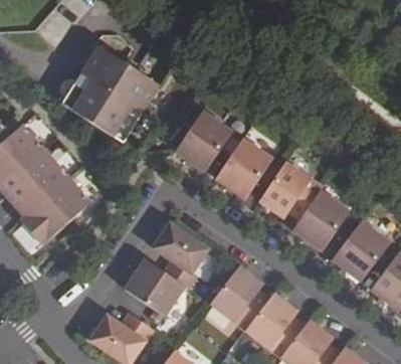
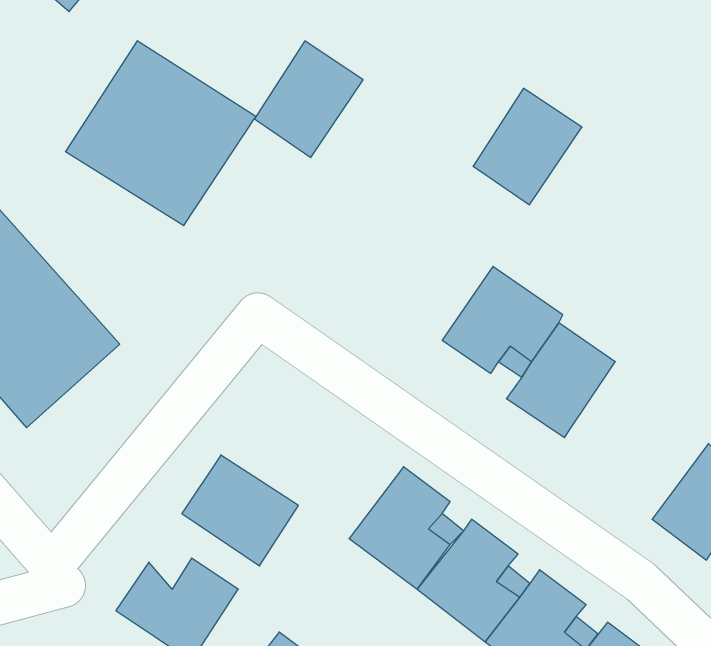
building: [175,112,231,172] -> [254,41,363,158]
building: [215,139,271,199] -> [473,88,582,205]
building: [152,222,208,289] -> none
building: [328,224,386,285] -> none

